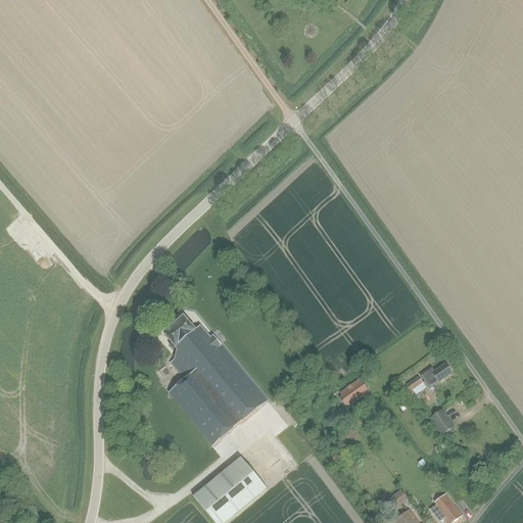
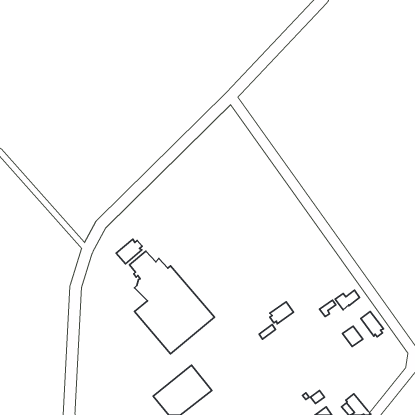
building: none -> [116,239,142,264]
building: none -> [361,311,383,337]

